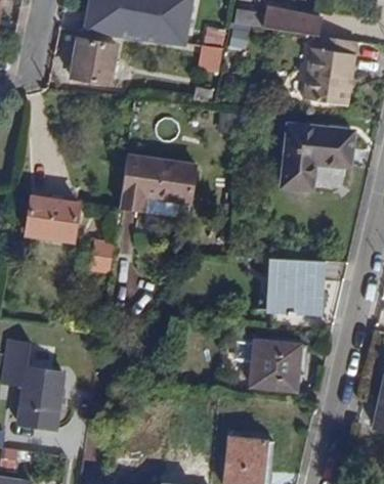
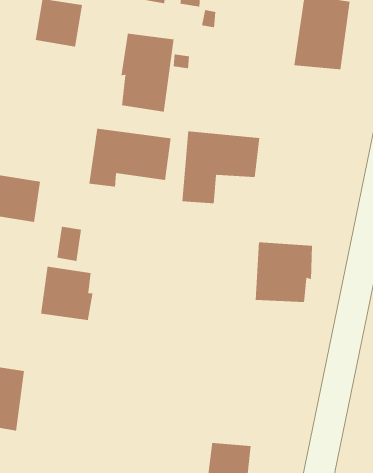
building: none -> [121,33,174,113]
building: [283,124,353,189] -> [182,131,260,204]
building: none -> [40,266,93,321]
building: [252,341,300,392] -> none

